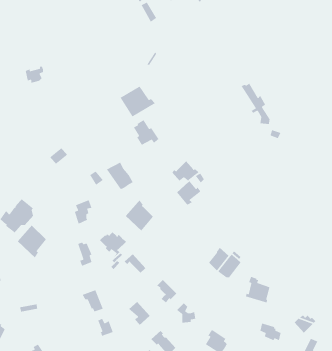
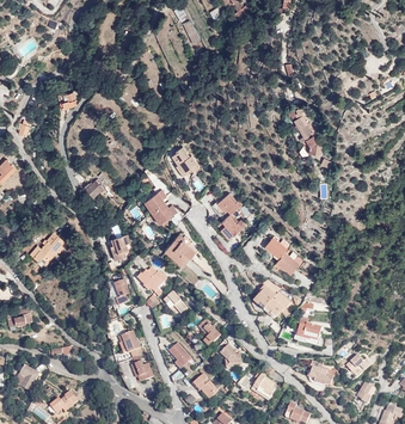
building: [119,86,156,118] -> none
building: none -> [264,235,299,275]
building: [17,225,47,258] -> none

